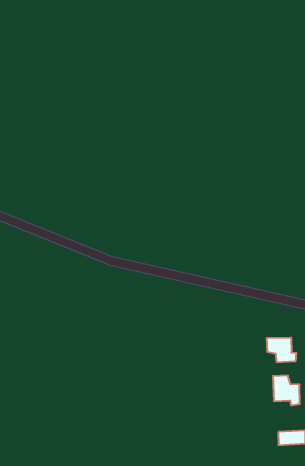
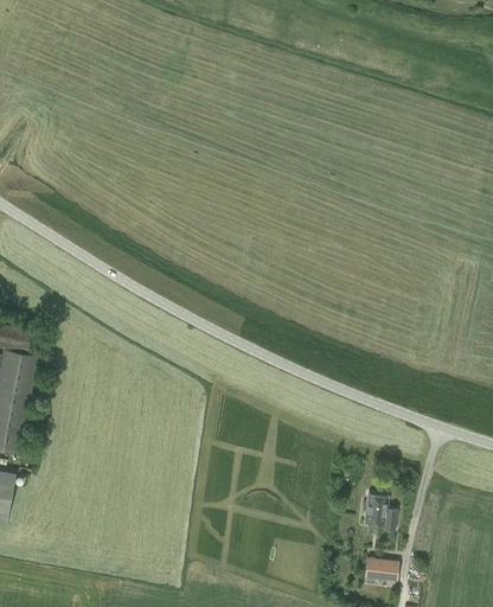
building: [267,337,296,362] -> none

